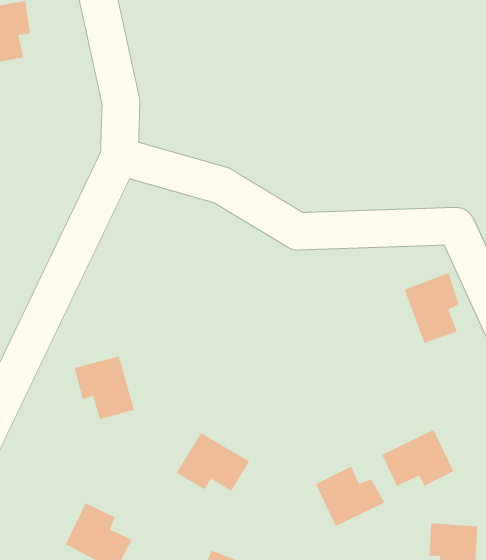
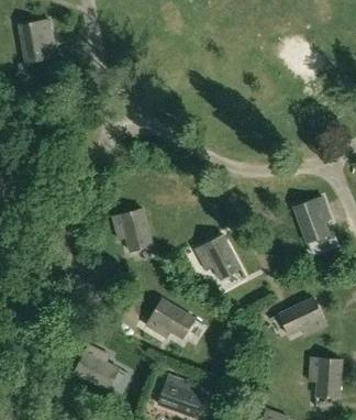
building: none -> [196,235,241,279]
building: [74,356,135,420] -> [113,210,153,252]
building: [315,465,385,527] -> none

